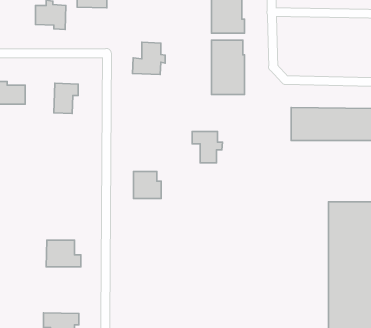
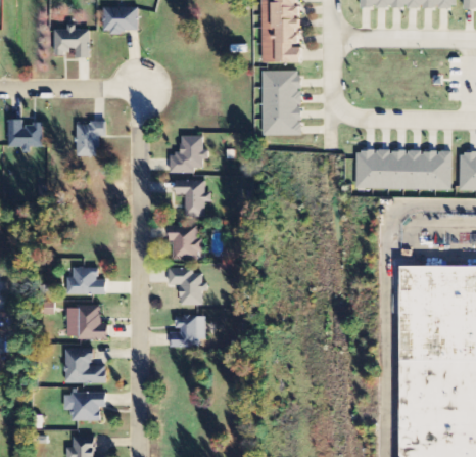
building: [132,42,165,74] -> [170,135,208,173]
building: [192,132,223,163] -> [176,180,211,217]
building: none -> [65,267,105,294]
building: none -> [169,268,207,306]
building: none -> [170,316,205,348]
building: none -> [64,349,106,383]

